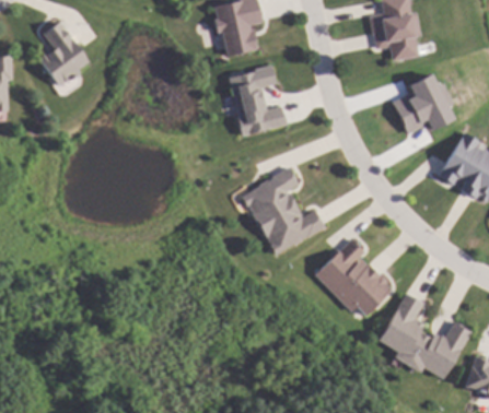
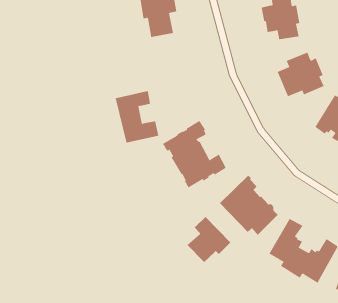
building: [40,20,89,83] -> none
building: [225,68,283,137] -> [115,91,159,143]
building: none -> [187,216,231,263]

